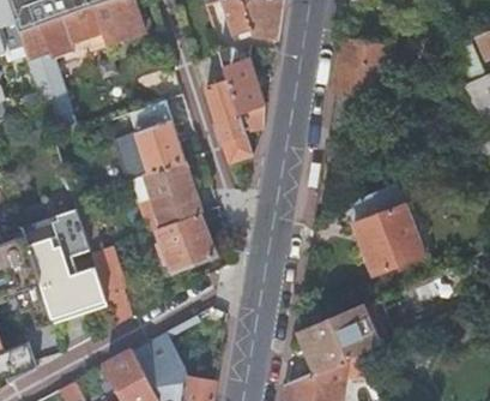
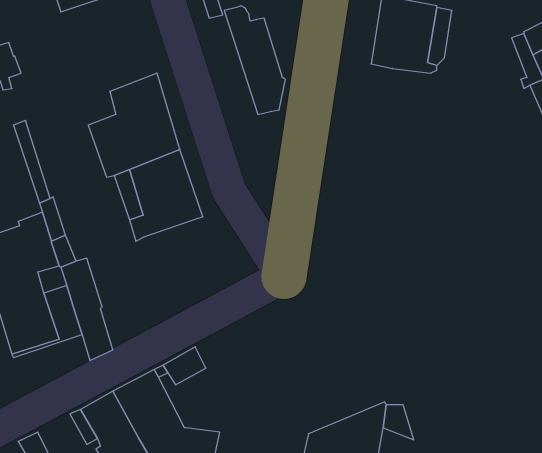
building: [206,80,252,162] -> none
building: [344,180,423,274] -> none
building: [156,214,212,271] -> none
building: [296,304,377,371] -> none

